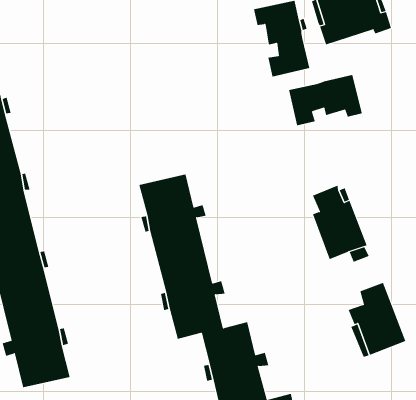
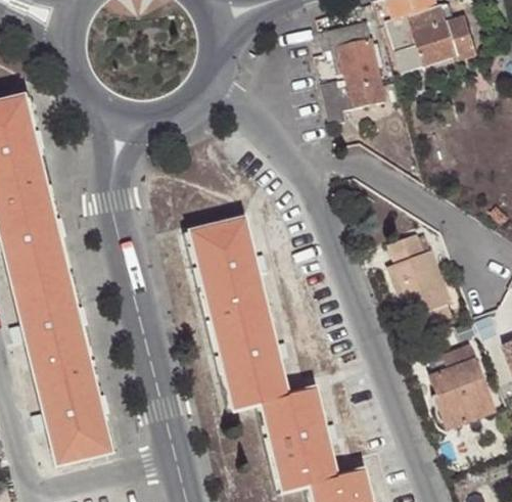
building: [288,74,363,126] -> none

